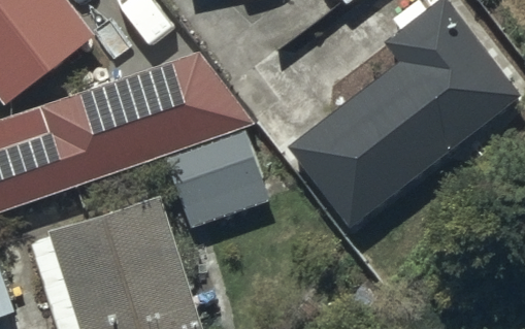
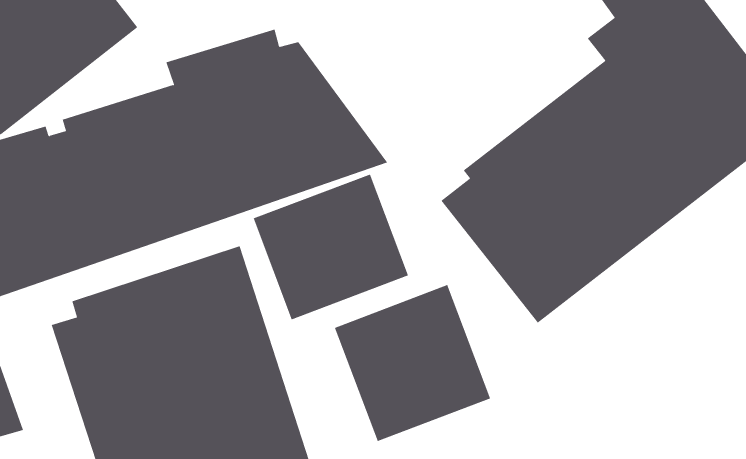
building: none -> [334,284,491,442]

